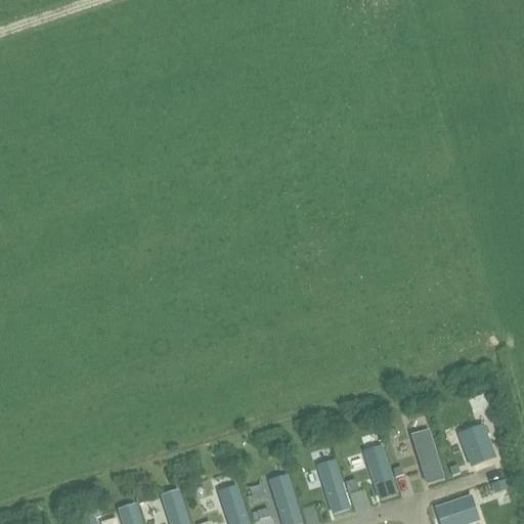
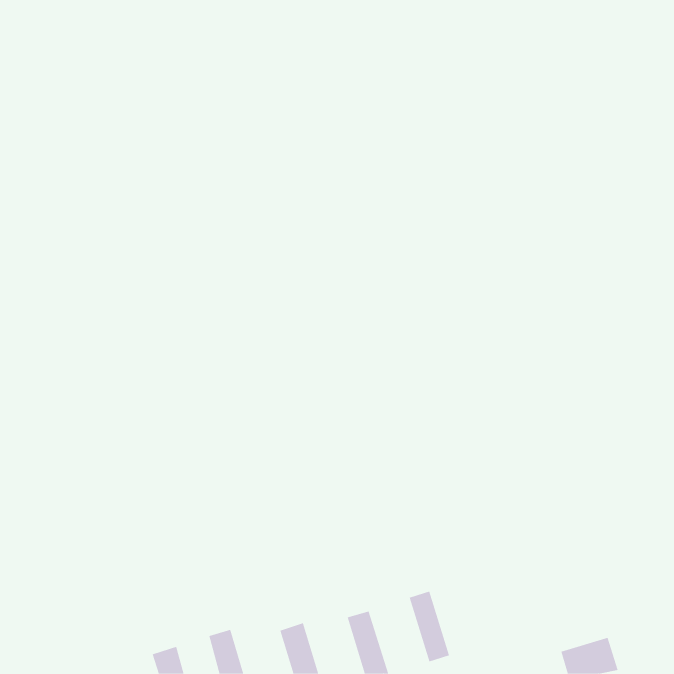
building: [457,422,496,467] -> none
building: [411,427,444,483] -> none
building: [363,444,395,499] -> none

